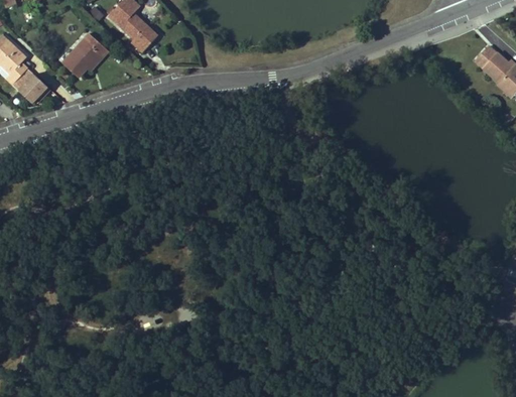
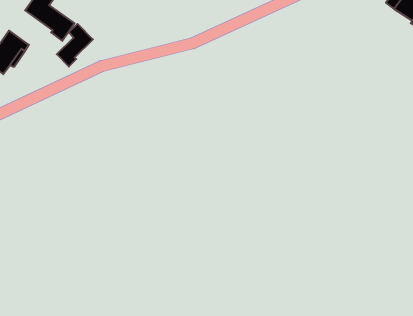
building: none -> [57,24,93,67]

